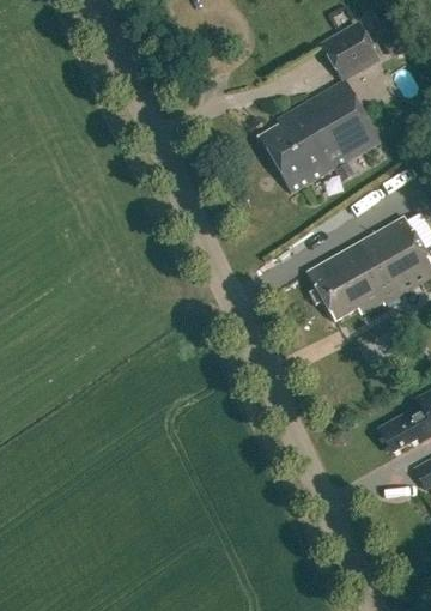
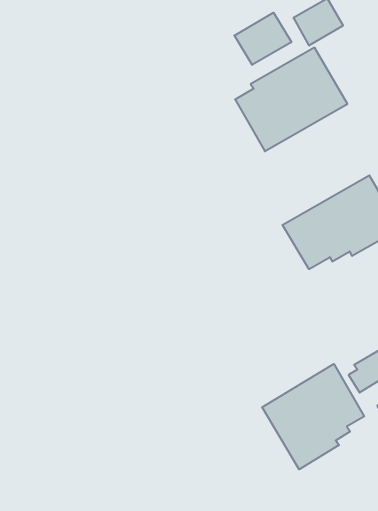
building: none -> [234,13,291,65]
building: none -> [262,364,364,469]

